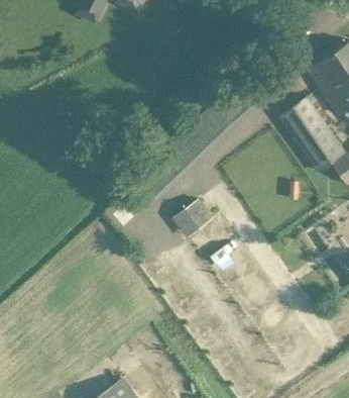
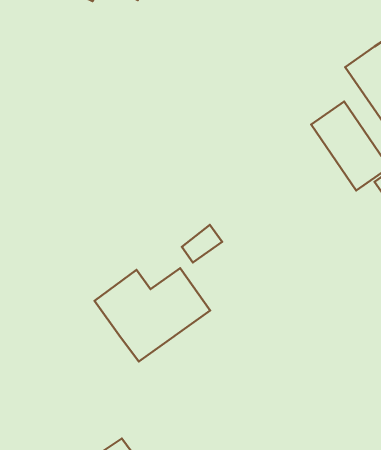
building: none -> [95,268,210,361]

